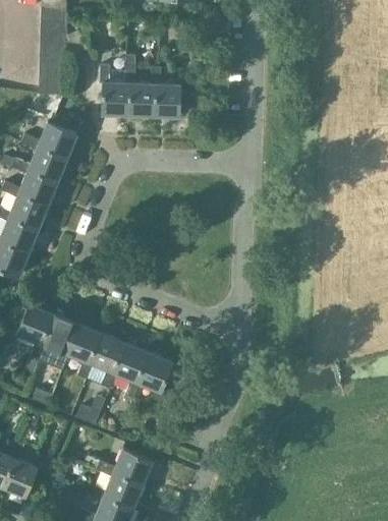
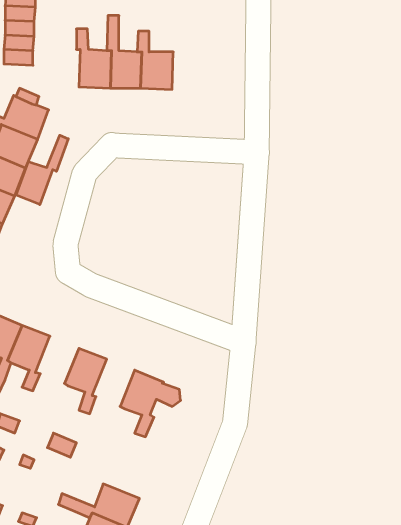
building: none -> [16,135,68,205]
building: [64,325,101,381] -> none
building: [112,344,148,400] -> none

